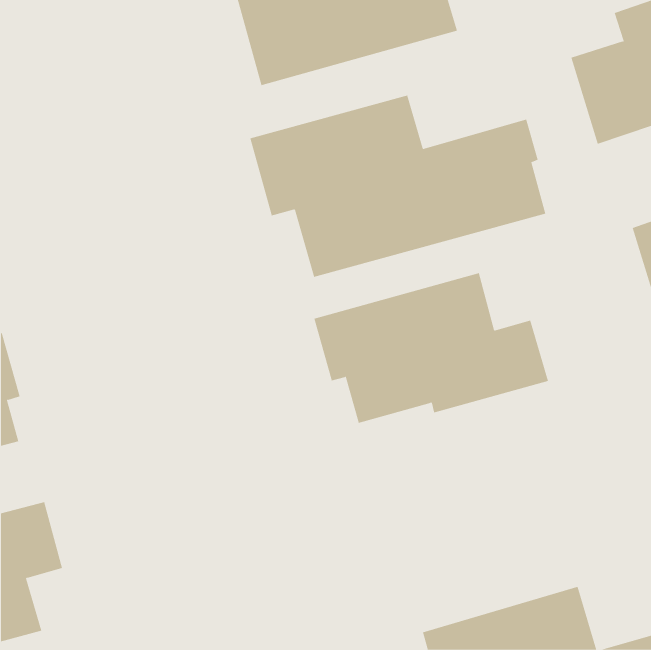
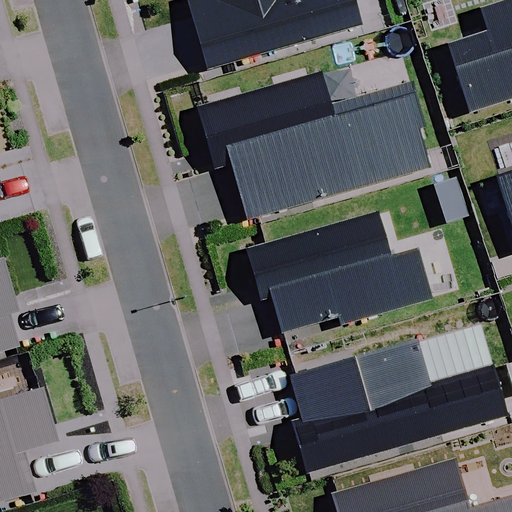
building: none -> [291,342,506,473]

